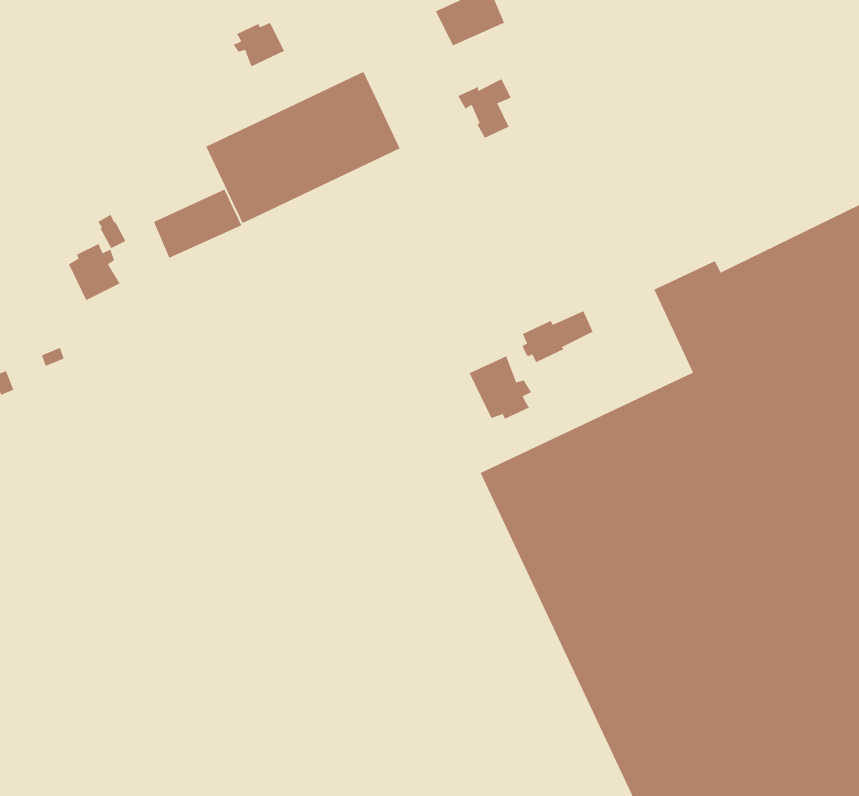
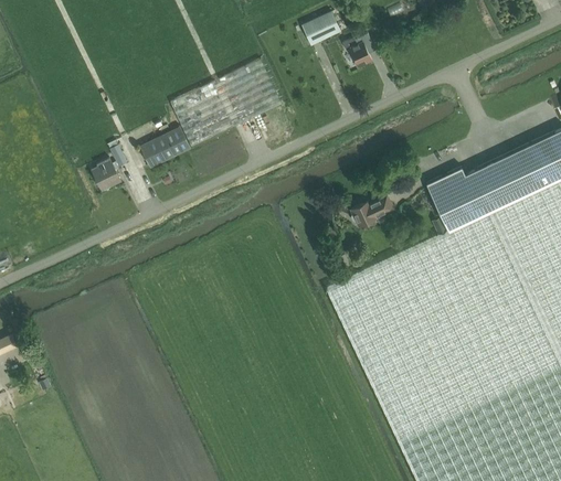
building: [233,22,285,67] -> none
building: [458,79,512,138] -> [342,33,373,67]
building: [469,355,532,420] -> none

